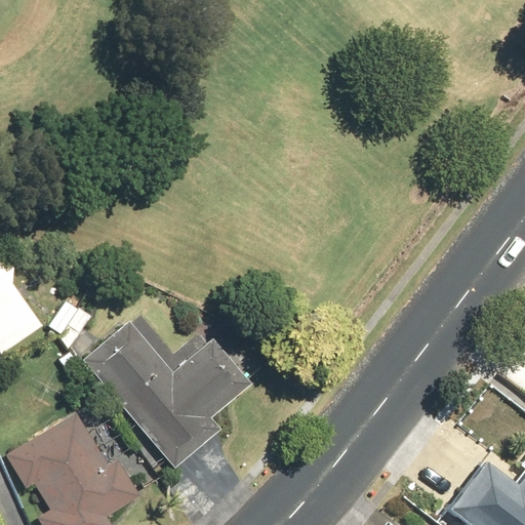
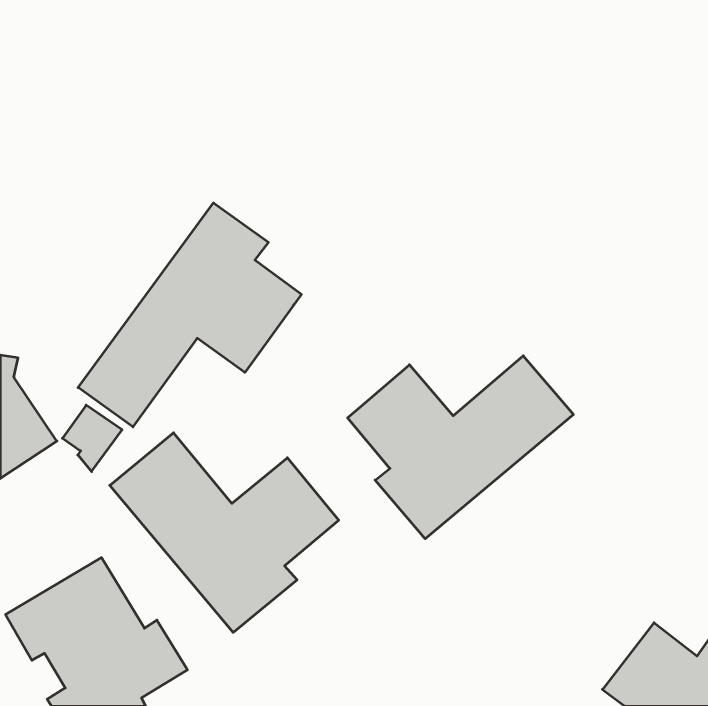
building: none -> [78,203,301,427]
building: none -> [348,356,573,539]

